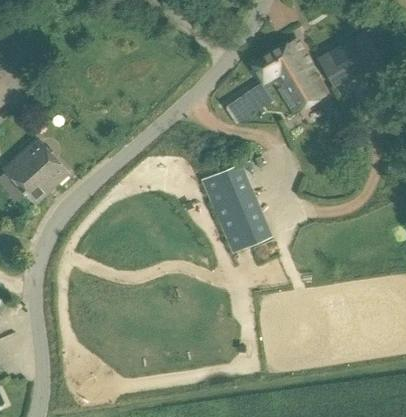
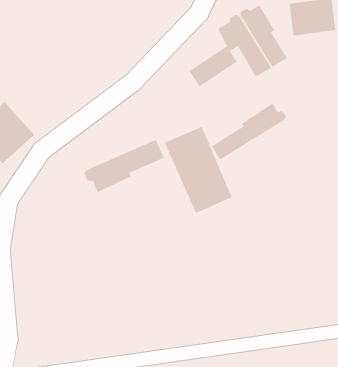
building: none -> [211,103,287,161]
building: none -> [83,139,165,193]

